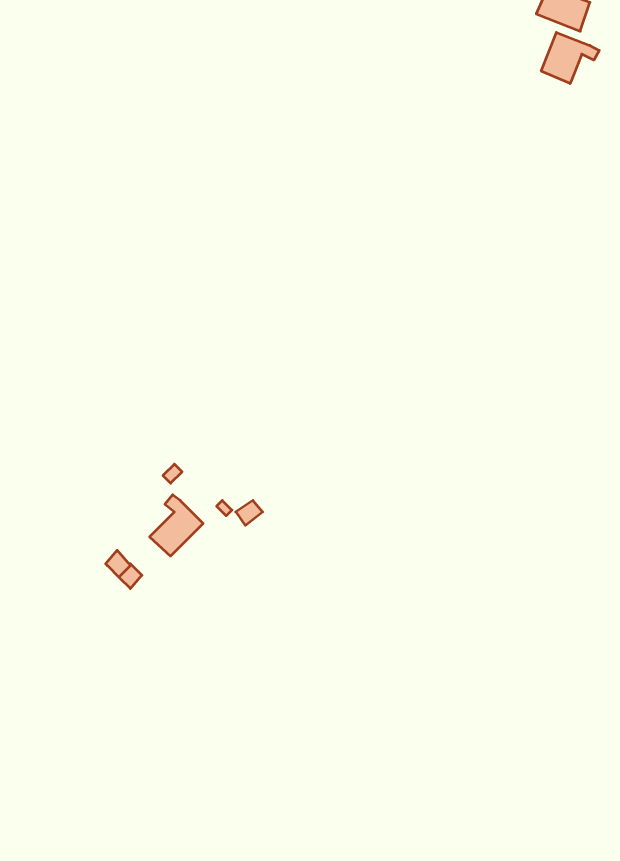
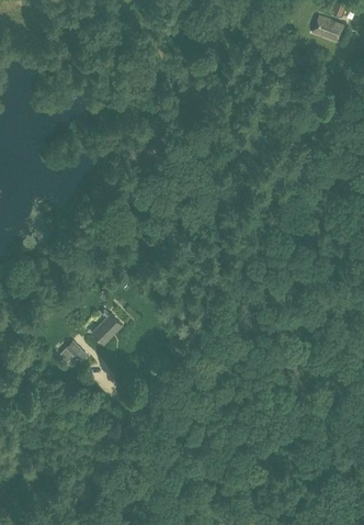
building: [541,32,599,84] -> none

